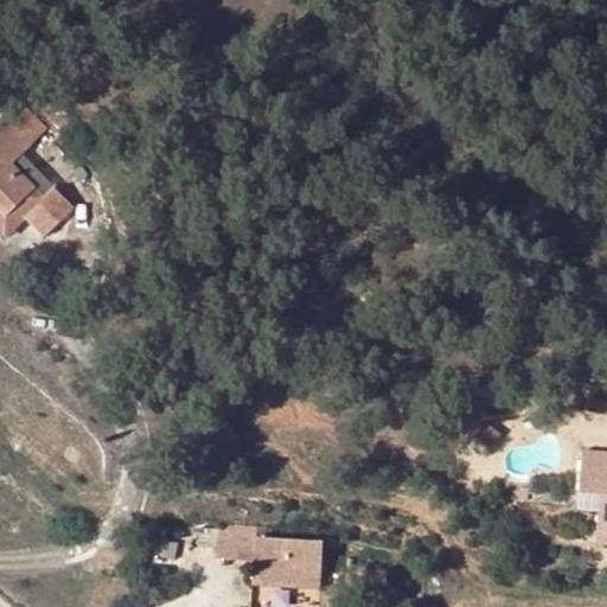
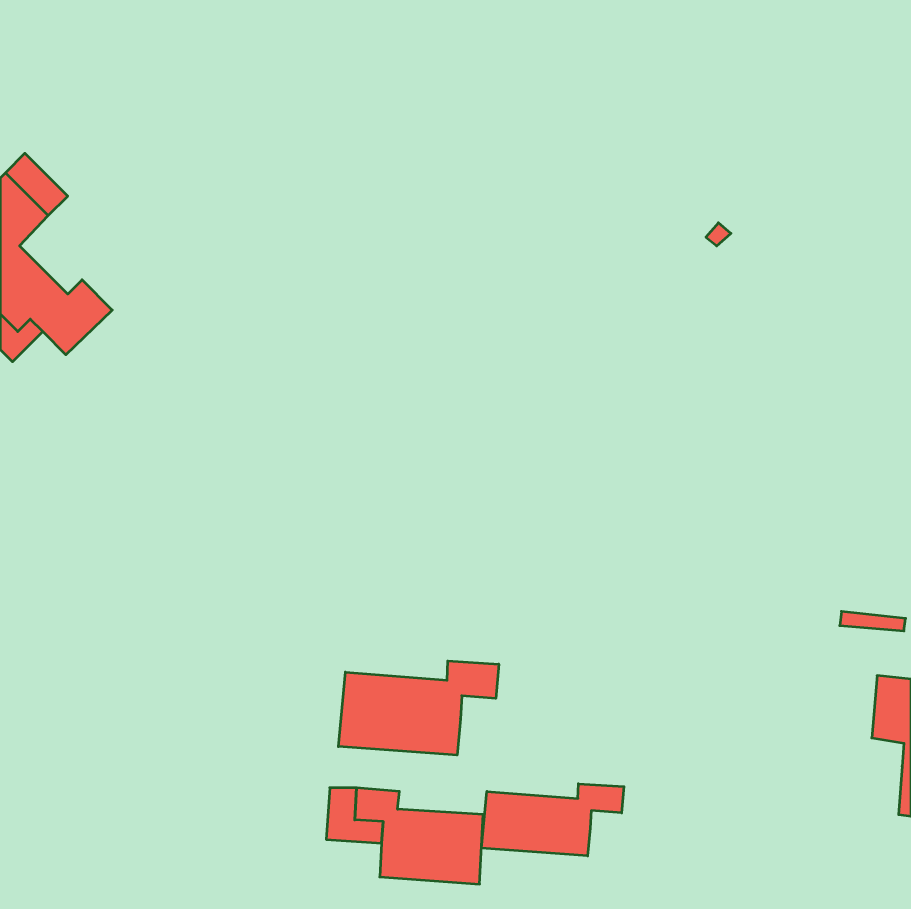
building: none -> [338,661,499,755]
building: none -> [481,784,624,856]

